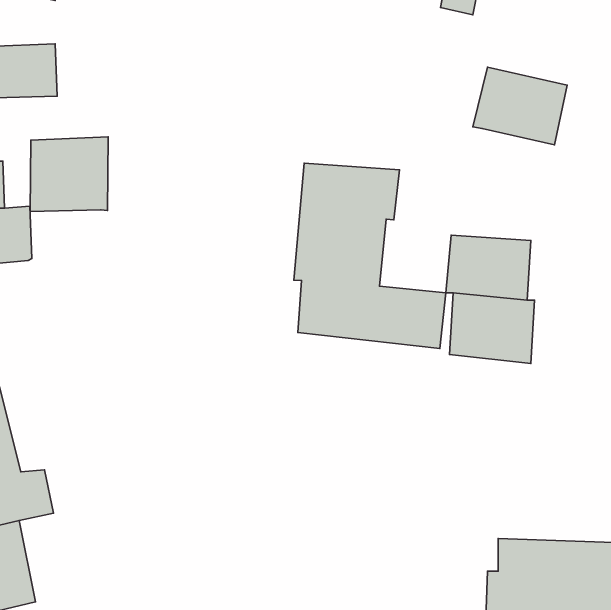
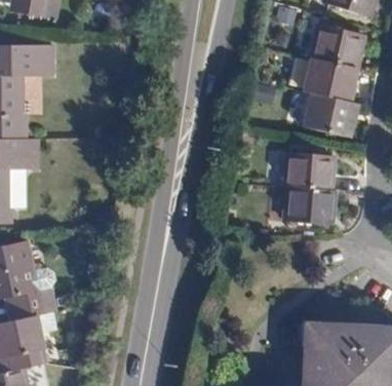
building: none -> [303,24,355,67]
building: none -> [291,91,345,134]
building: [30,137,108,212] -> none
building: [294,163,446,348] -> none

